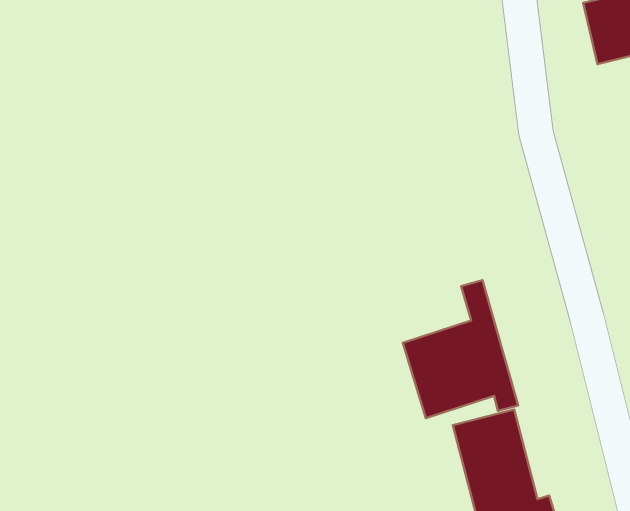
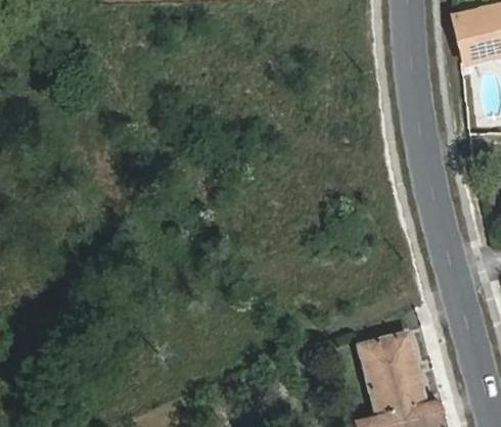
building: [403,280,518,418] -> none

